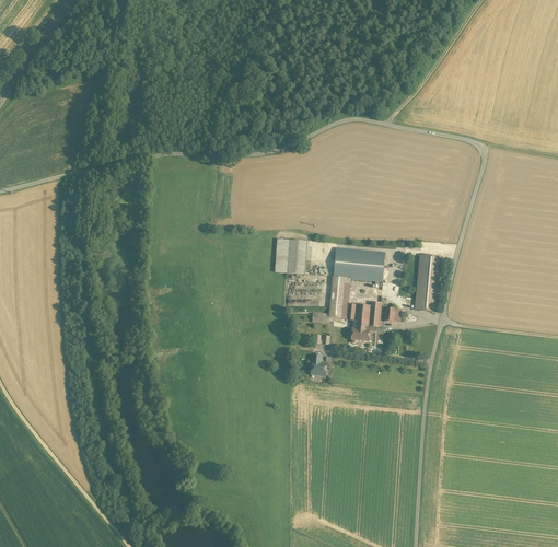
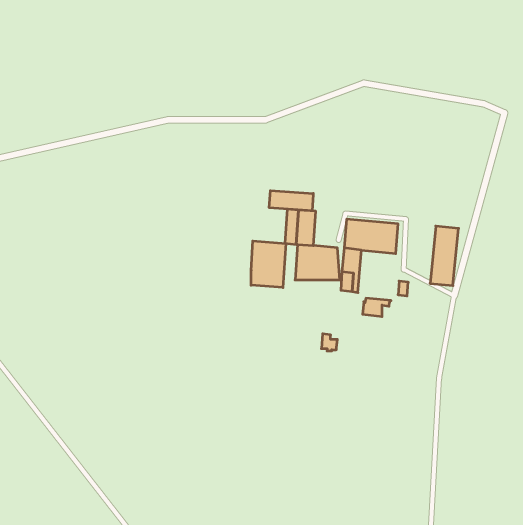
building: none -> [269,191,313,211]
building: none -> [251,241,286,288]
building: [346,302,380,326] -> none

